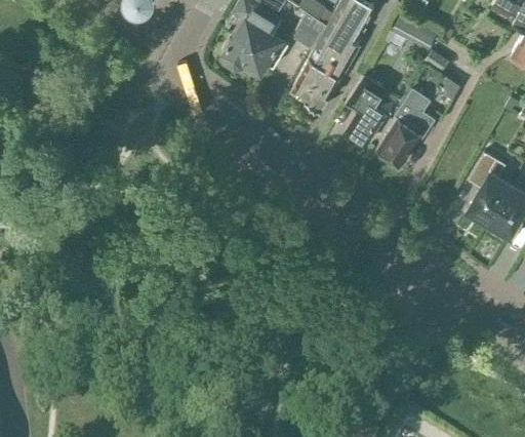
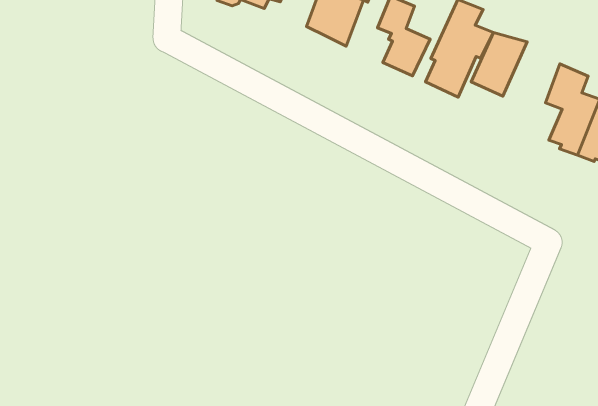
building: none -> [471,33,527,96]

